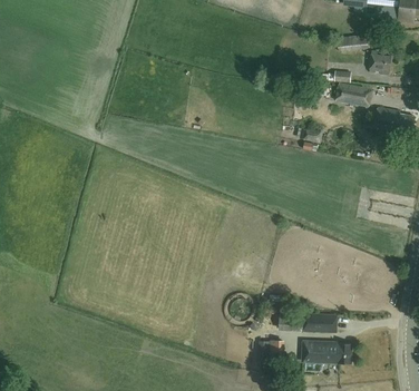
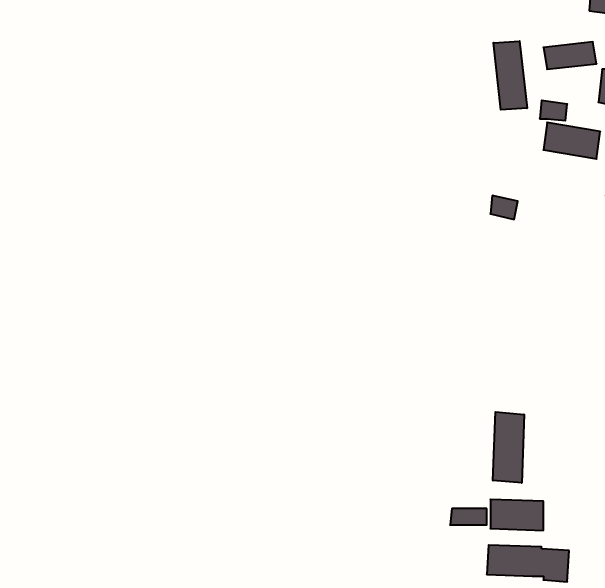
building: none -> [493,41,527,110]
building: none -> [493,412,524,483]

